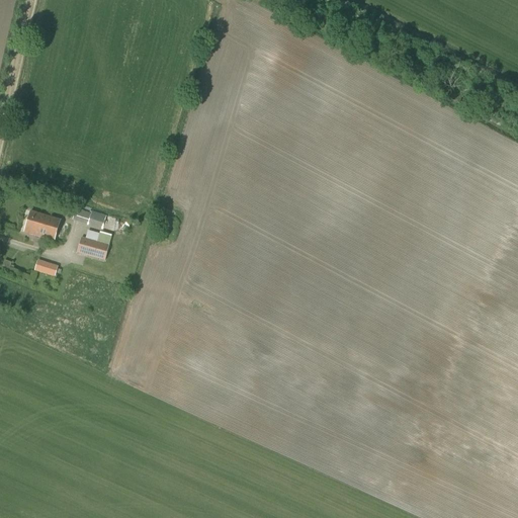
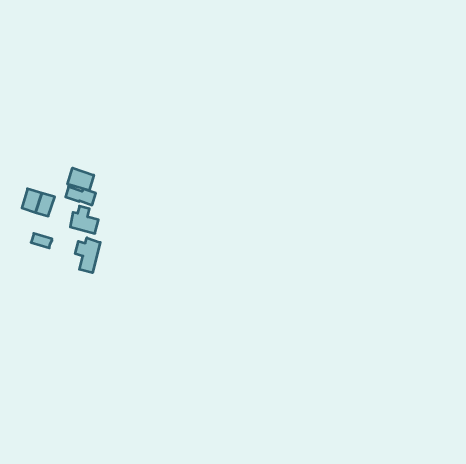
building: none -> [68,168,94,191]
building: none -> [75,238,100,273]

